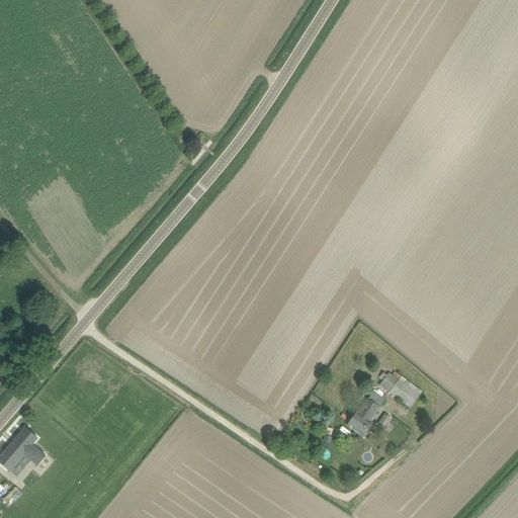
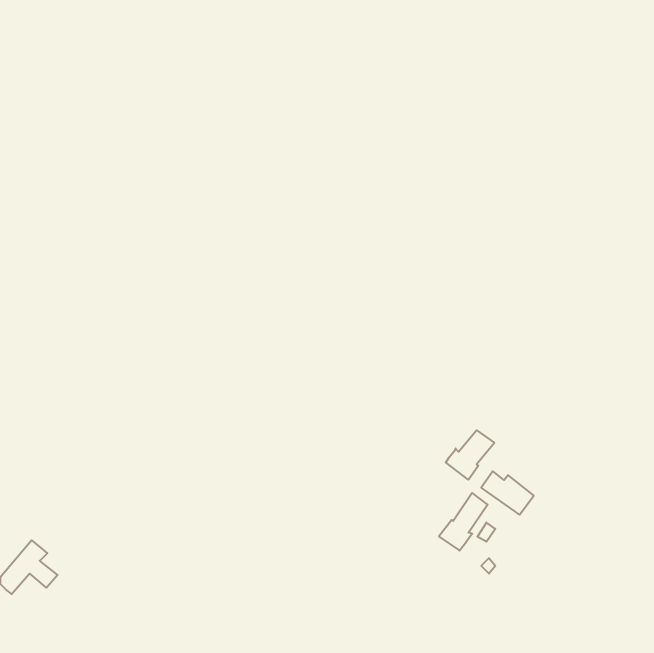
building: none -> [446,430,494,480]

